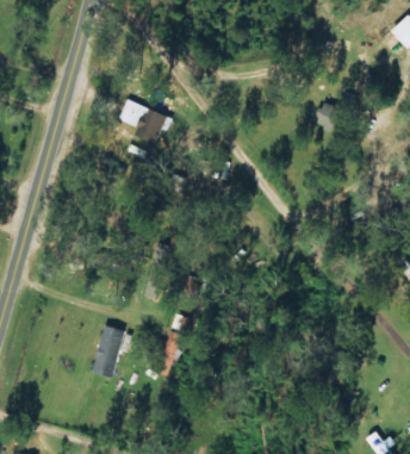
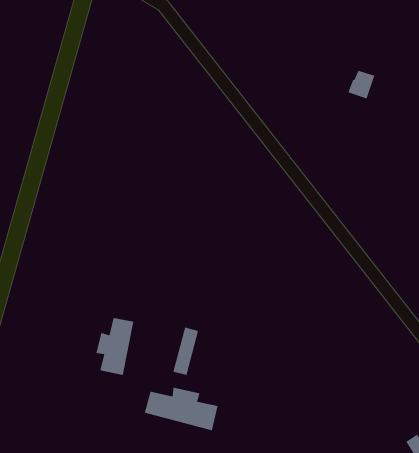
building: [131,106,166,143] -> none
building: none -> [144,387,218,431]

